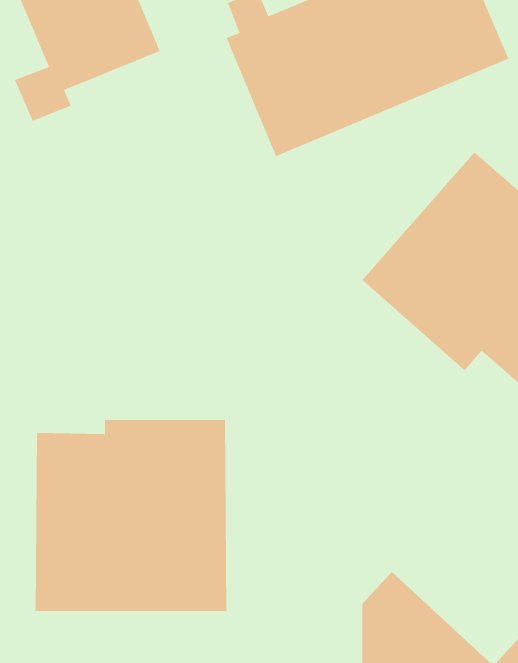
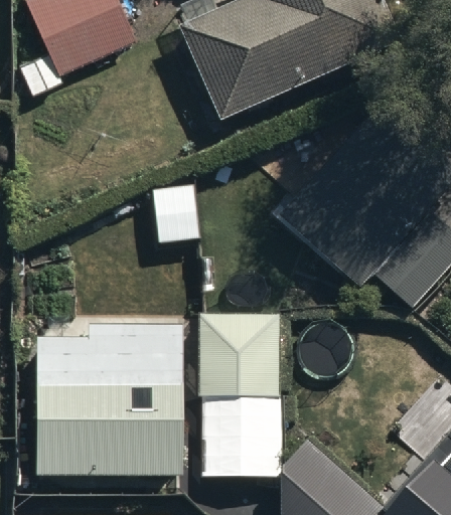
building: none -> [197,311,283,478]

